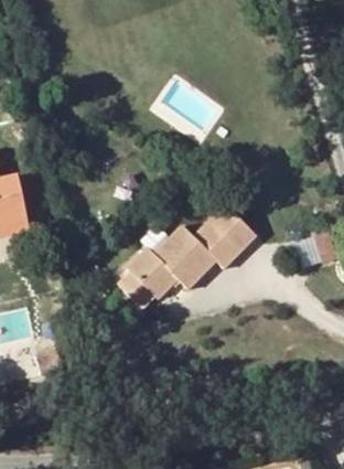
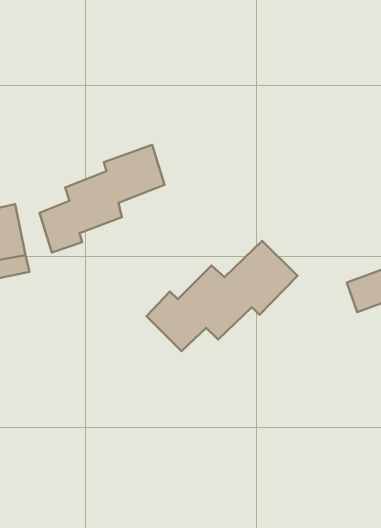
building: none -> [39,145,165,253]

